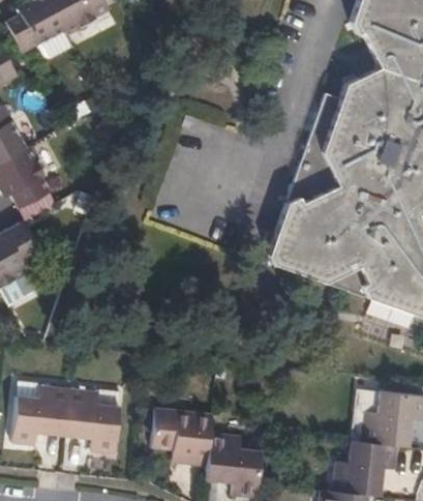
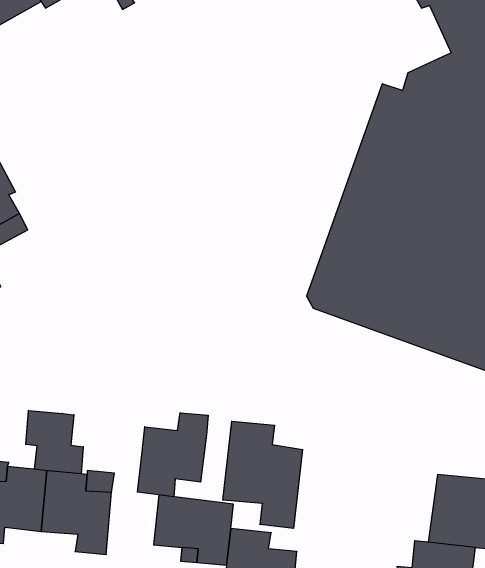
building: none -> [26,410,83,474]
building: none -> [138,413,208,497]
building: none -> [223,421,303,528]

